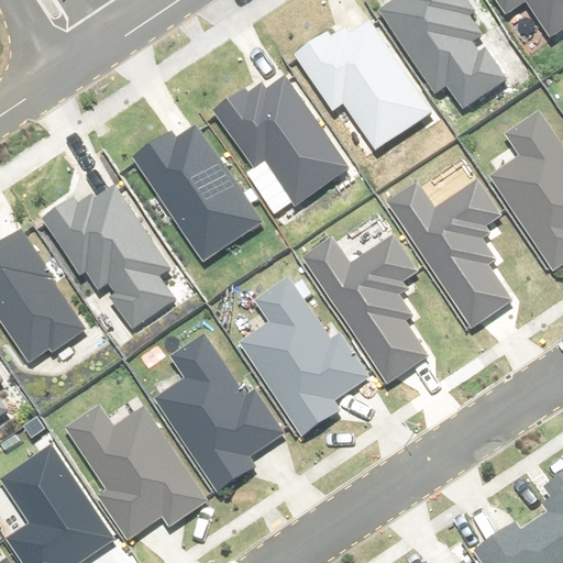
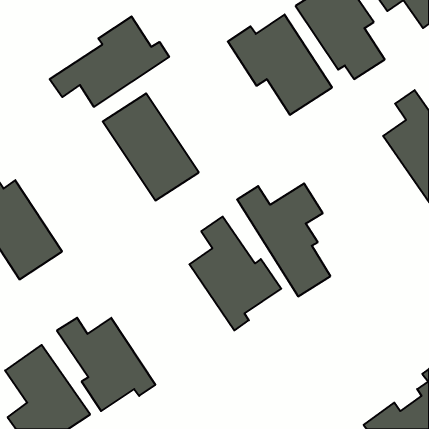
building: none -> [50,16,169,107]
building: [208,79,344,201] -> none
building: [391,180,511,324] -> none
building: [38,191,181,323] -> none
building: [164,340,277,483] -> none

